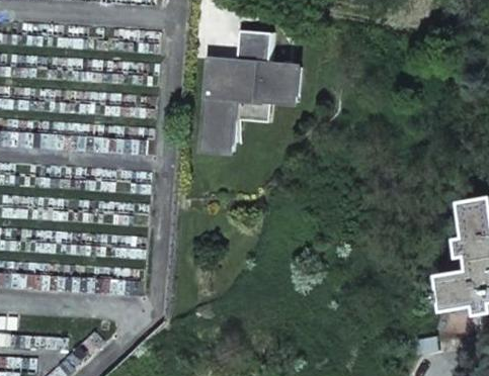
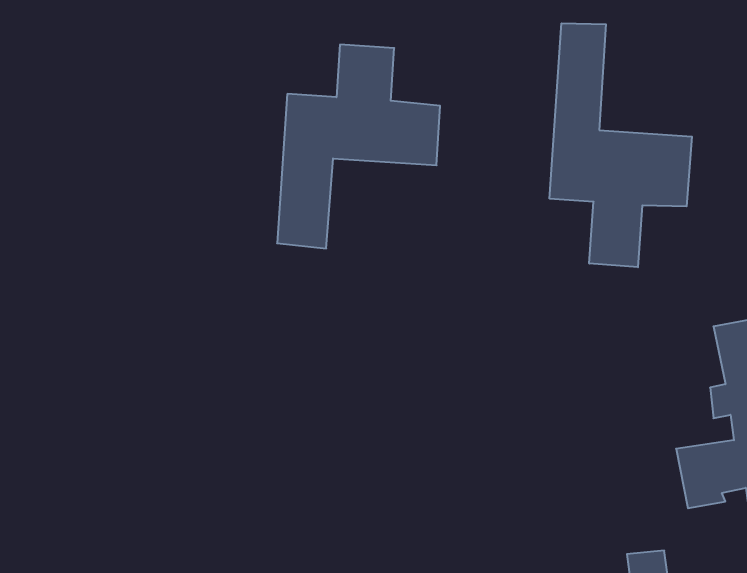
building: none -> [550,23,692,267]

